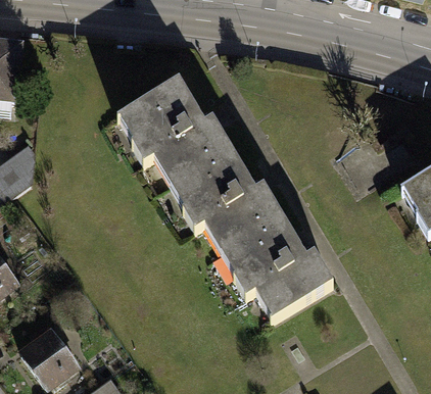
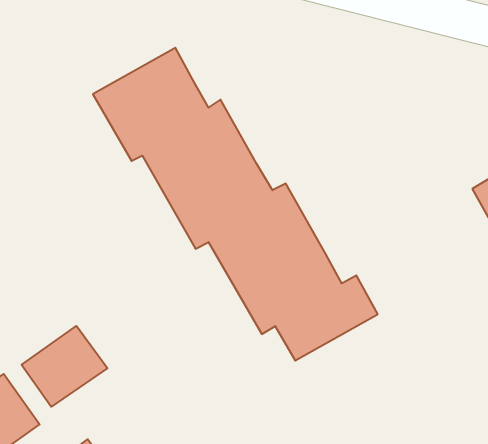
building: none -> [22,326,107,407]

